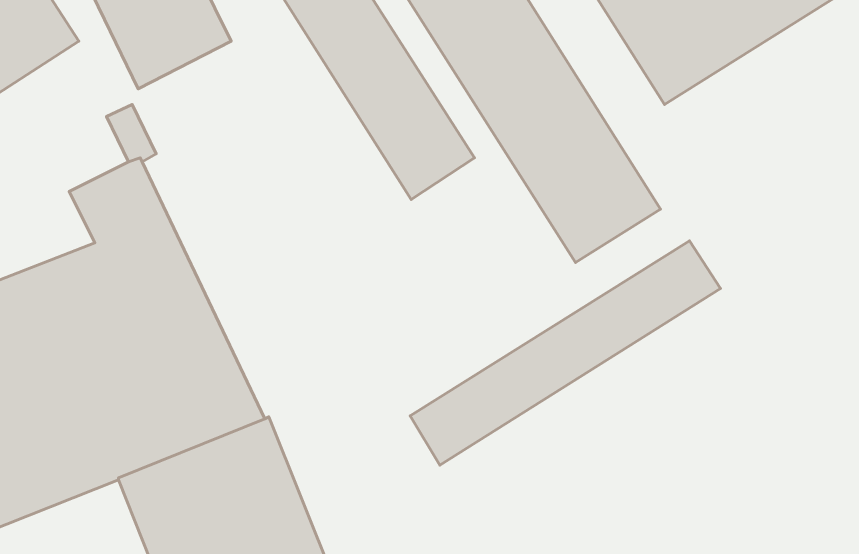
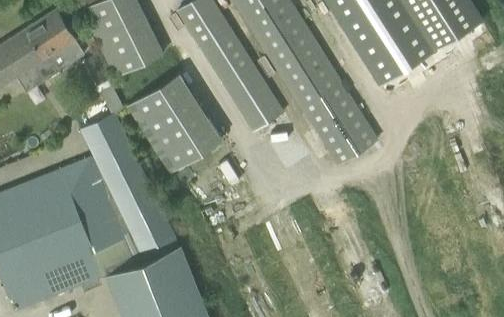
building: none -> [127,70,225,173]
building: [410,241,720,465] -> none

